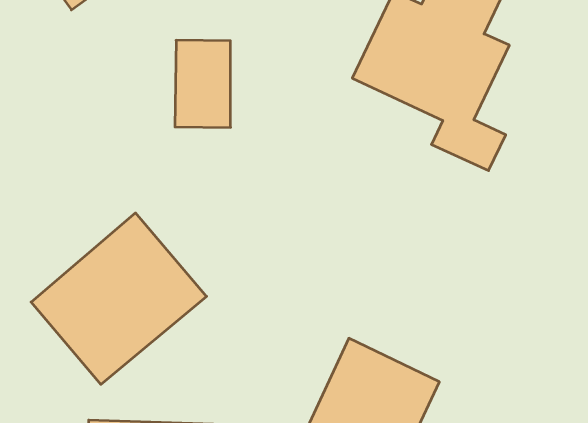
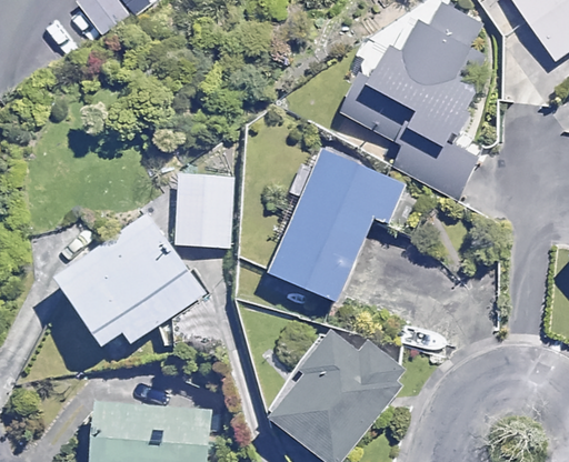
building: [175,40,231,127] -> [174,173,227,251]
building: none -> [262,149,392,293]

